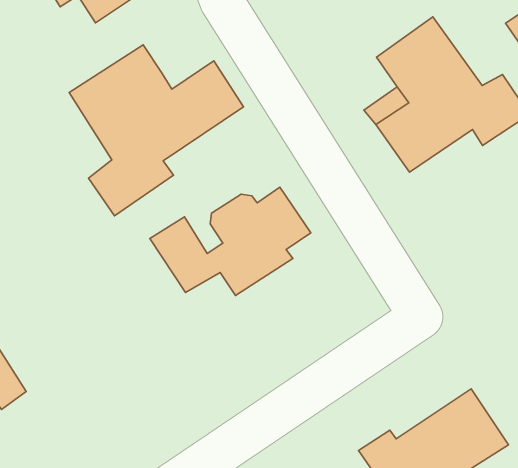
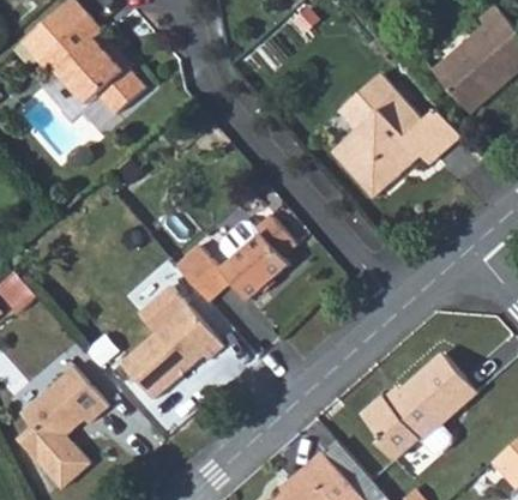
building: [69,45,243,216] -> none
building: none -> [116,300,219,392]

